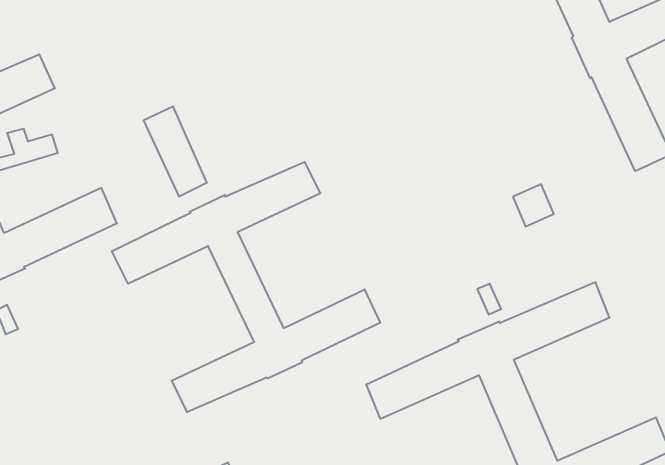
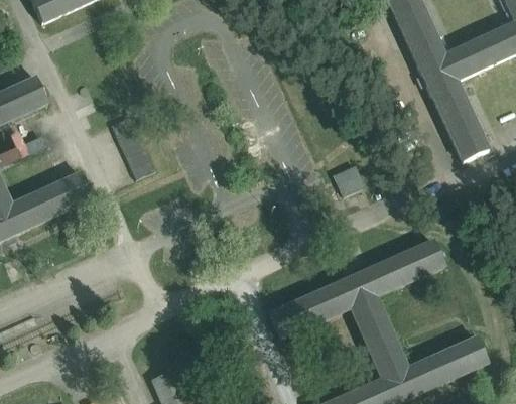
building: [112,162,380,412] -> none
building: [513,184,554,227] -> [335,164,364,194]

